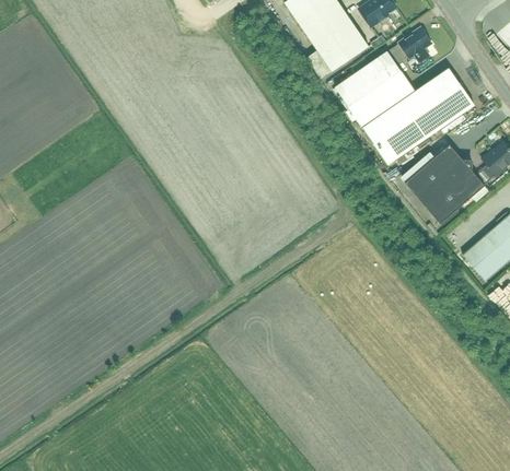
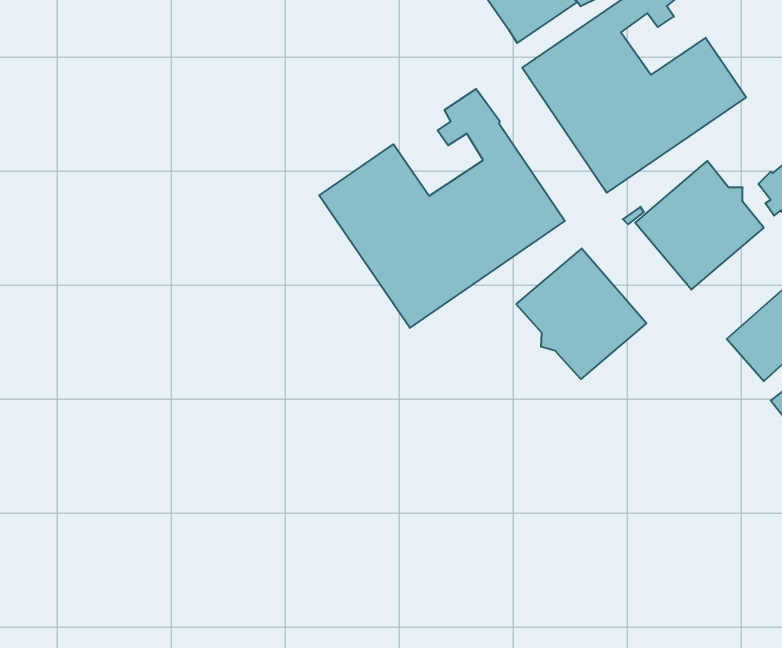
building: none -> [319,89,565,328]
building: none -> [516,248,646,379]

